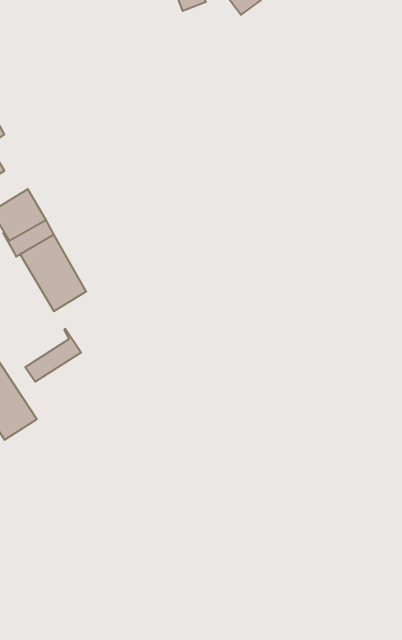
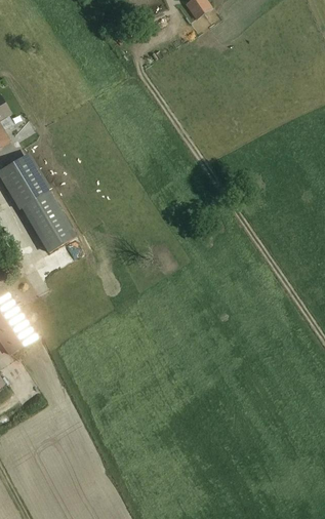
building: [25,329,81,382] -> none

